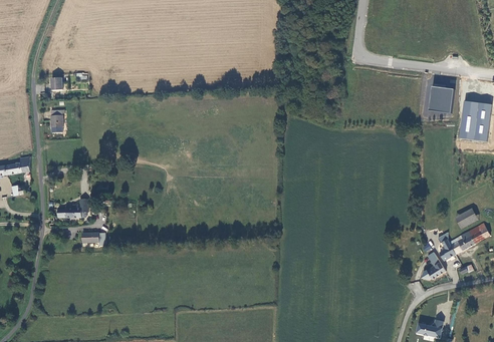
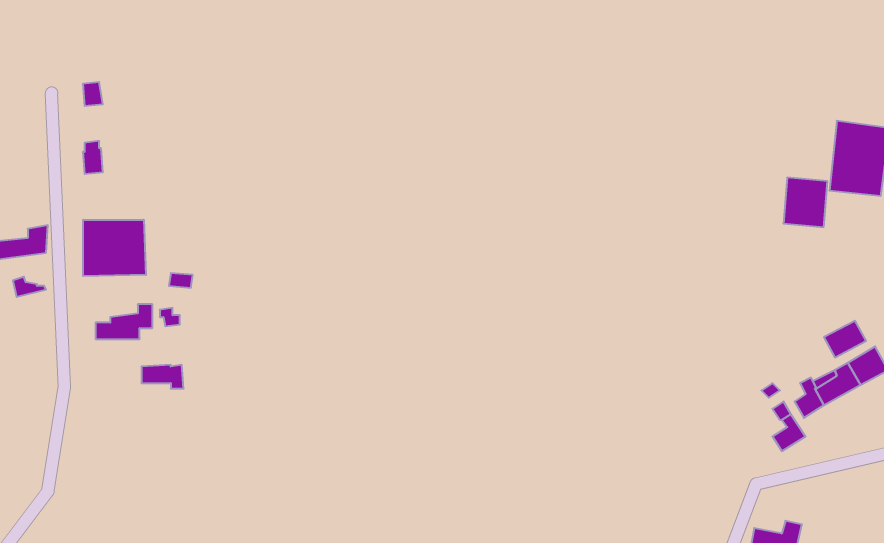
building: [429,84,453,111] -> [783,178,827,227]
building: none -> [83,220,146,276]

